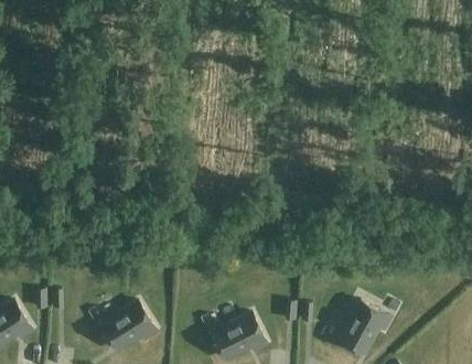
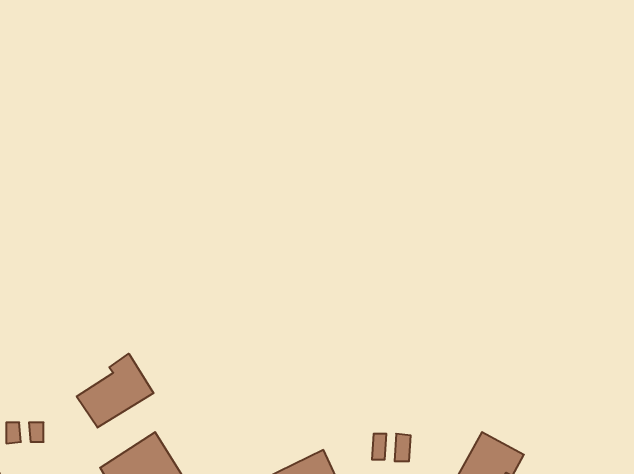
building: none -> [77,354,154,428]

